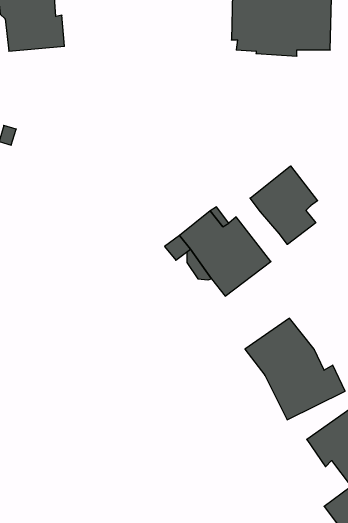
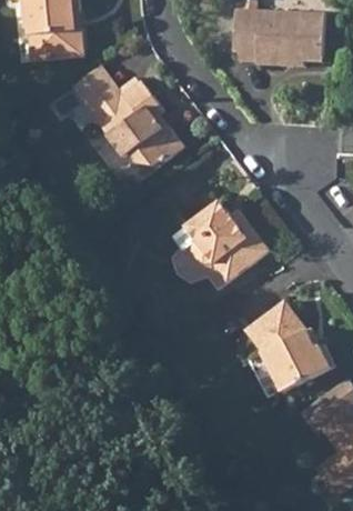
building: none -> [71,64,185,178]
building: [250,166,318,244] -> none

